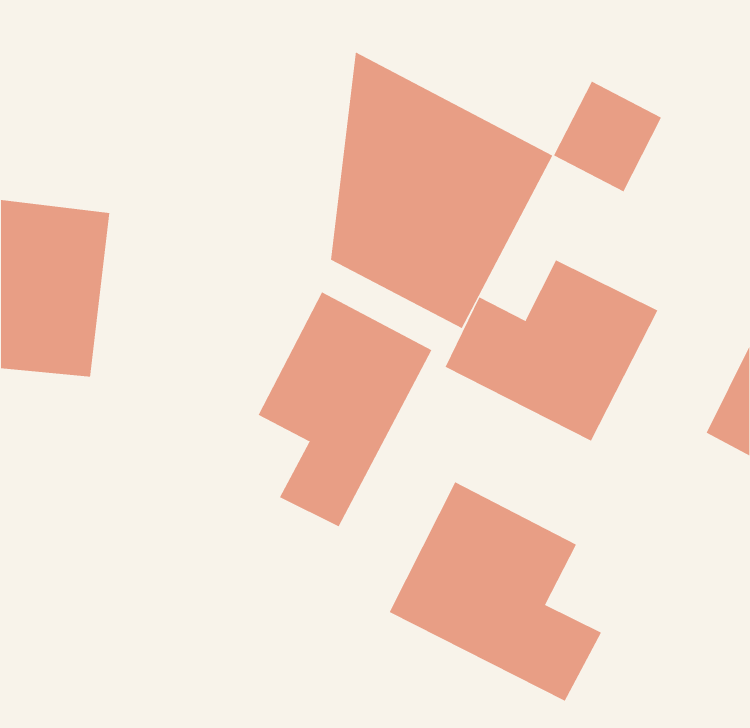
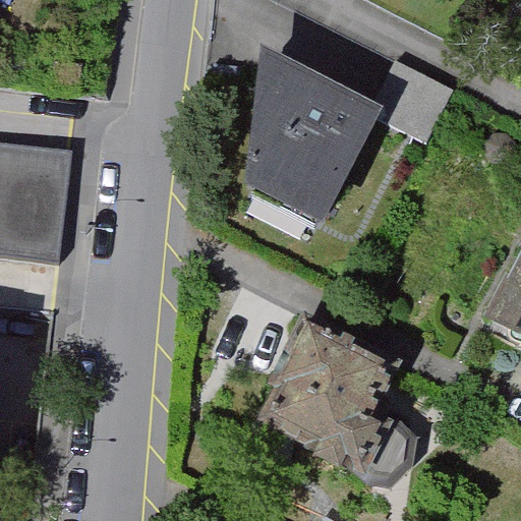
building: [445,260,658,441] -> none
building: [258,292,432,527] -> none

